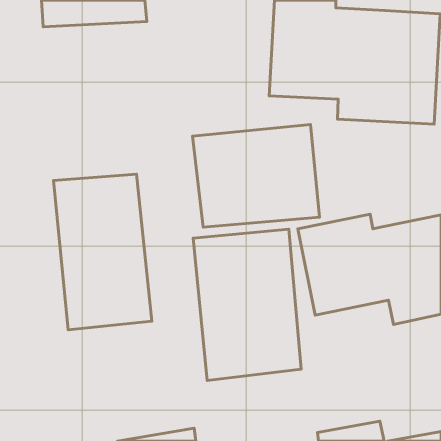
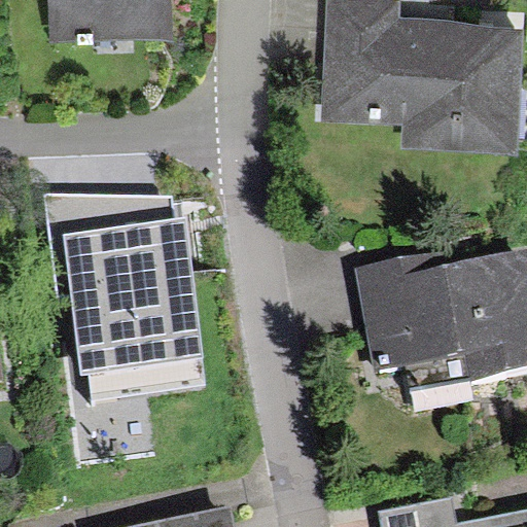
building: [192,124,319,227] -> none
building: [193,229,301,380] -> none

